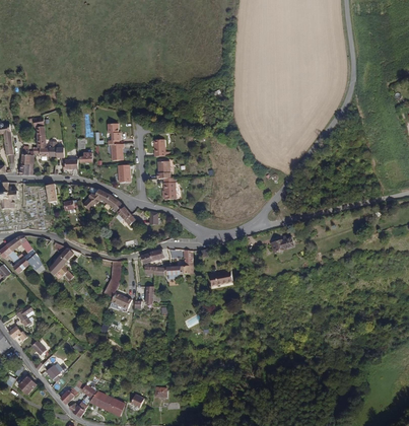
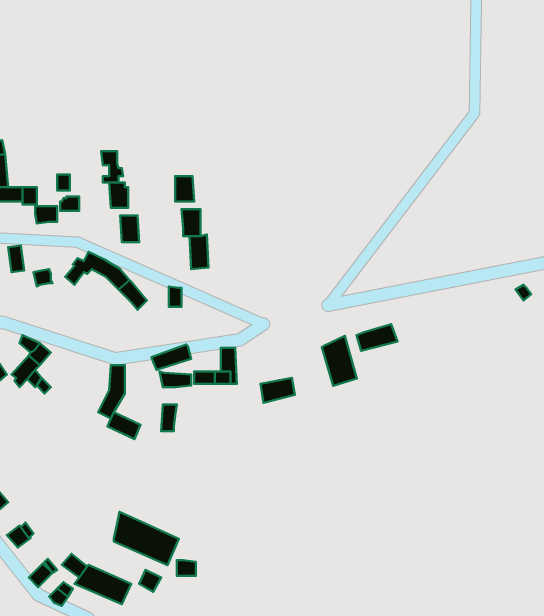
building: none -> [322,336,357,386]
building: none -> [114,512,179,565]

